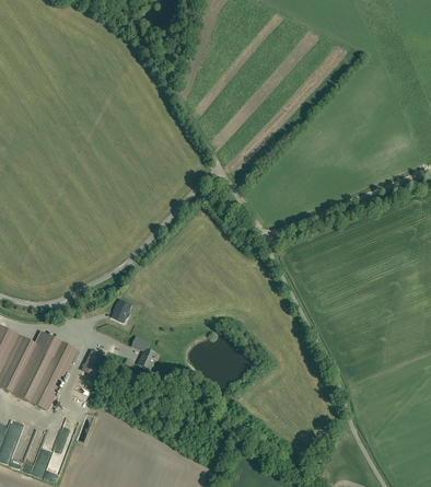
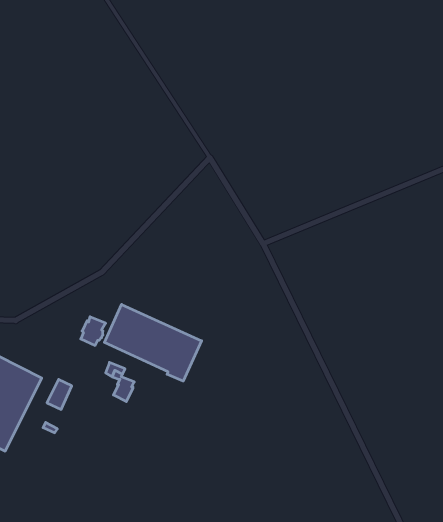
building: none -> [104,304,202,381]

